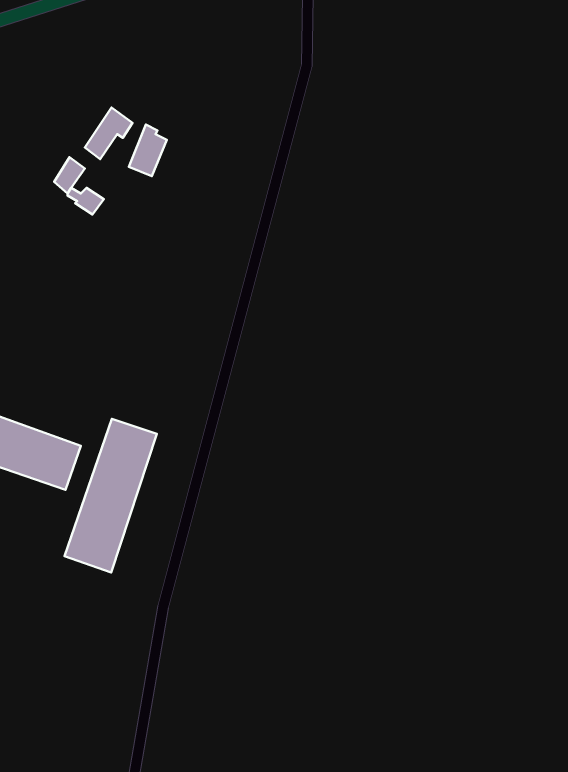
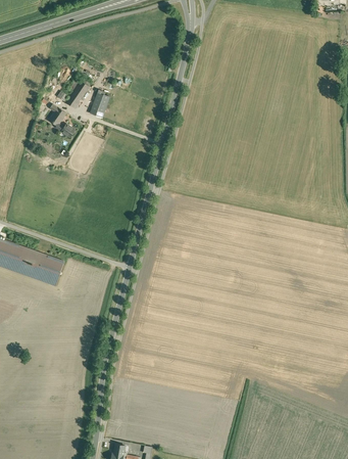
building: [65,419,157,573] -> none

